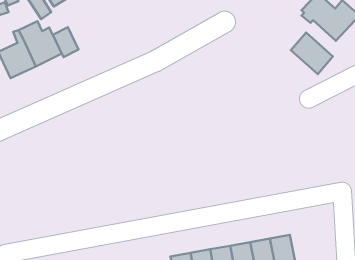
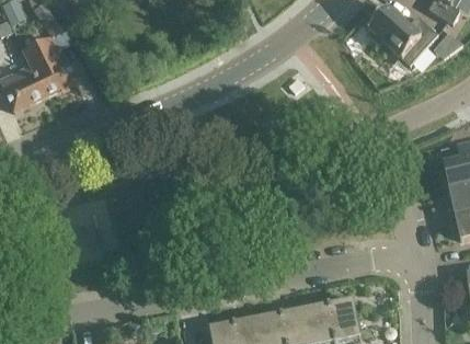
building: [53,27,79,57] -> none
building: [291,33,333,74] -> none

